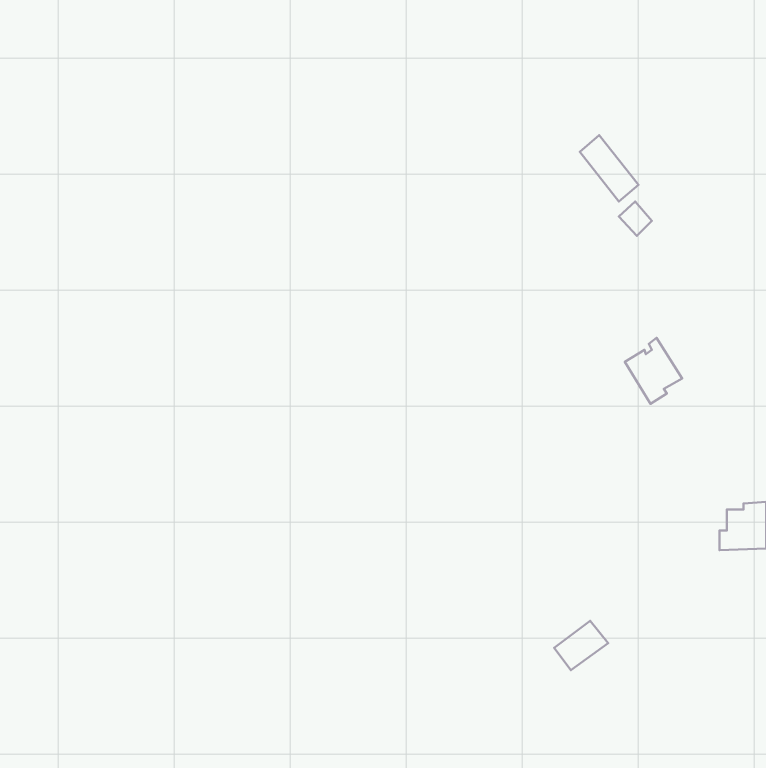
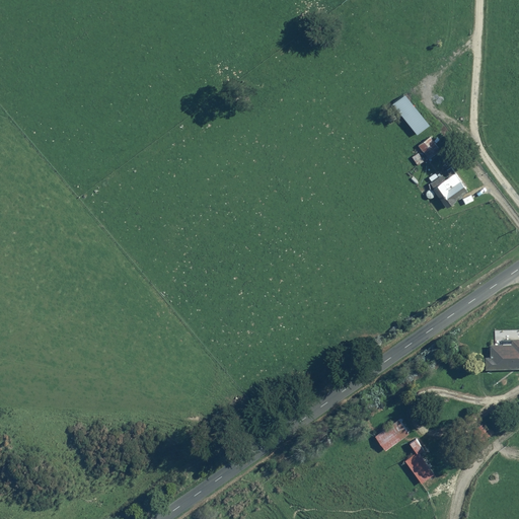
building: [625,338,682,404] -> [430,165,468,210]
building: none -> [404,438,434,485]

